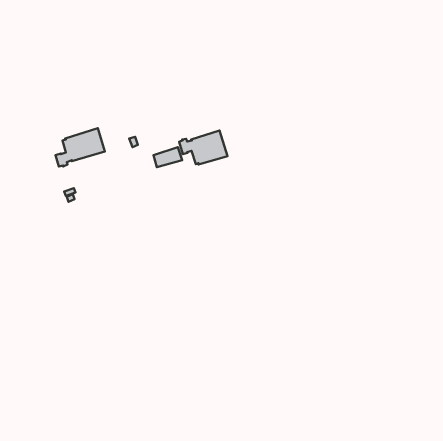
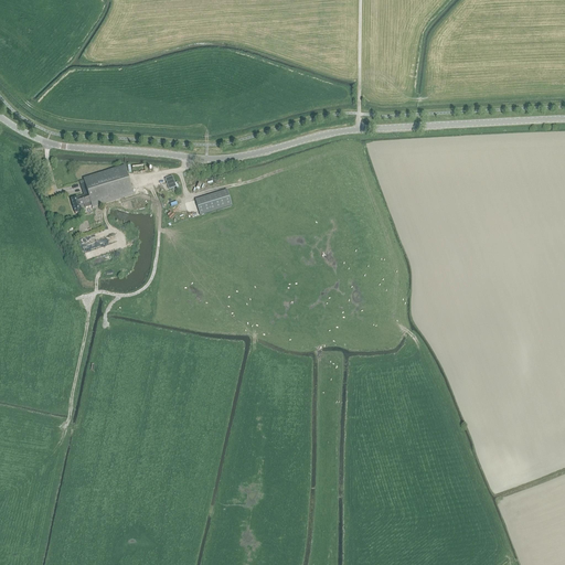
building: [179,131,227,164] -> none

